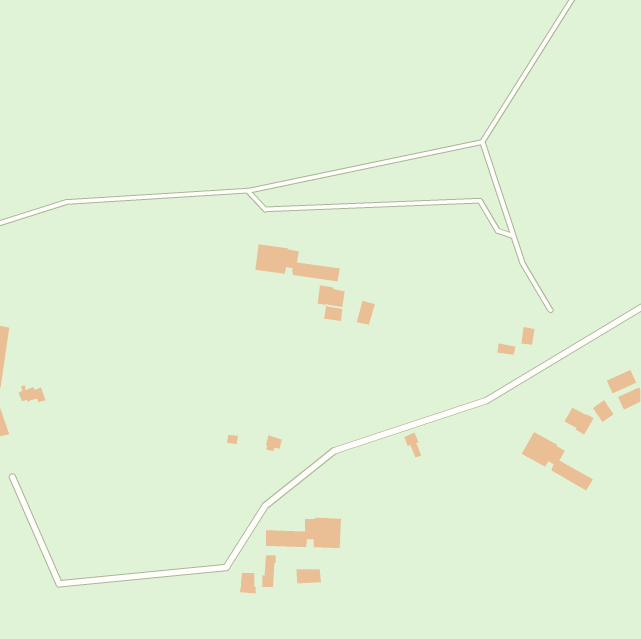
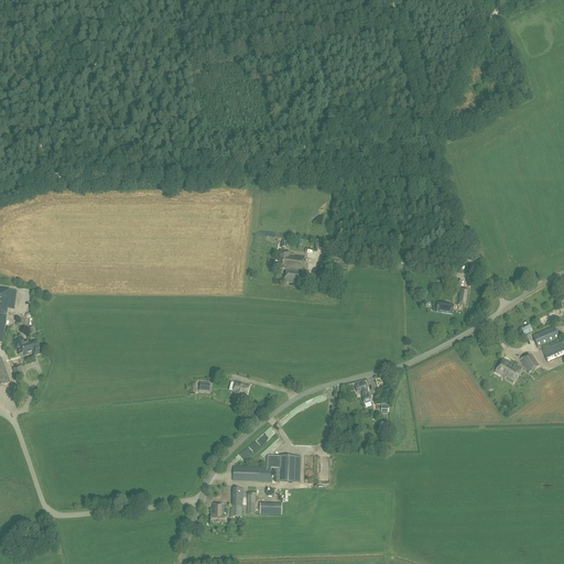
building: [255,244,340,282] -> none
building: [521,431,594,492] -> none

